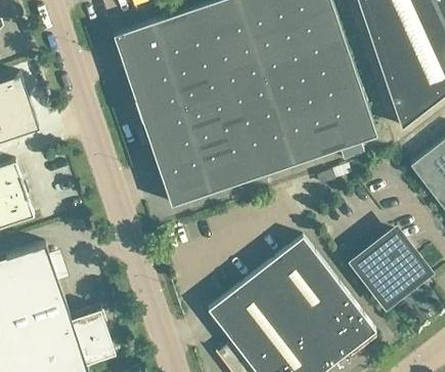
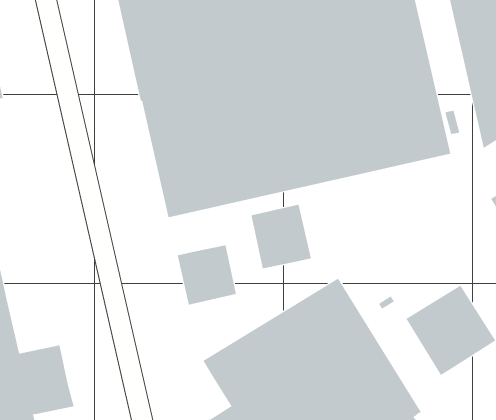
building: none -> [251,204,311,269]
building: none -> [177,244,236,306]

